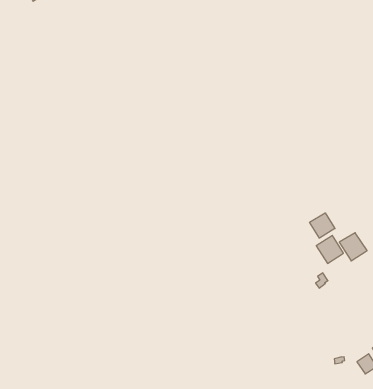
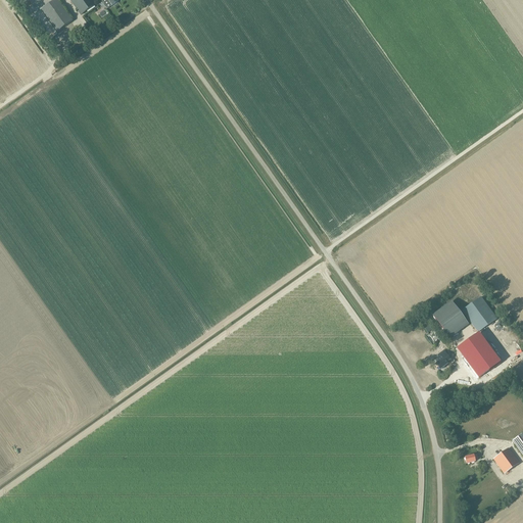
building: [310,213,335,238] -> none
building: none -> [464,340,501,376]

